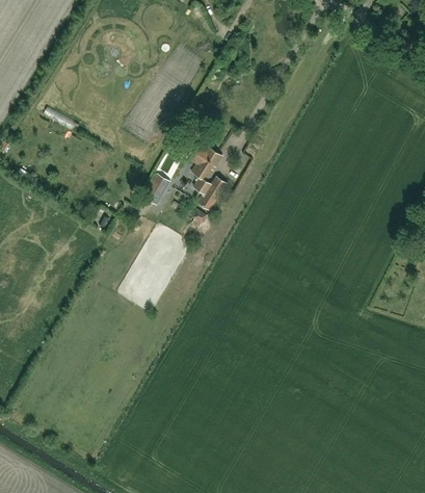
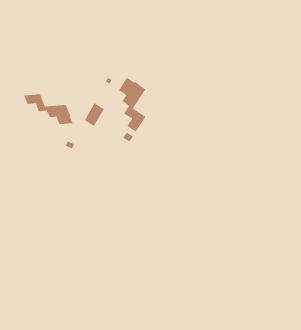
building: none -> [23,93,73,125]

